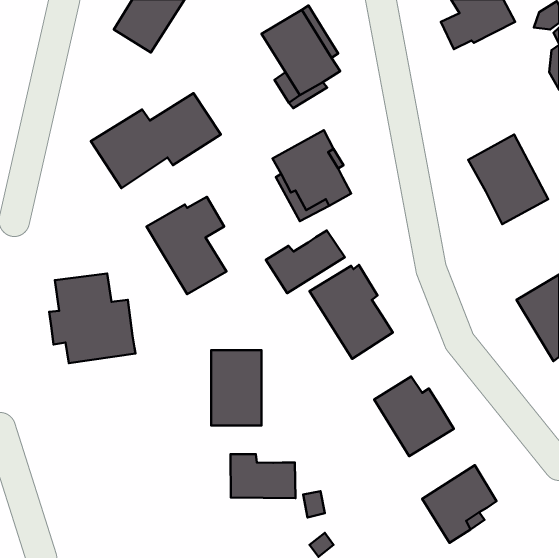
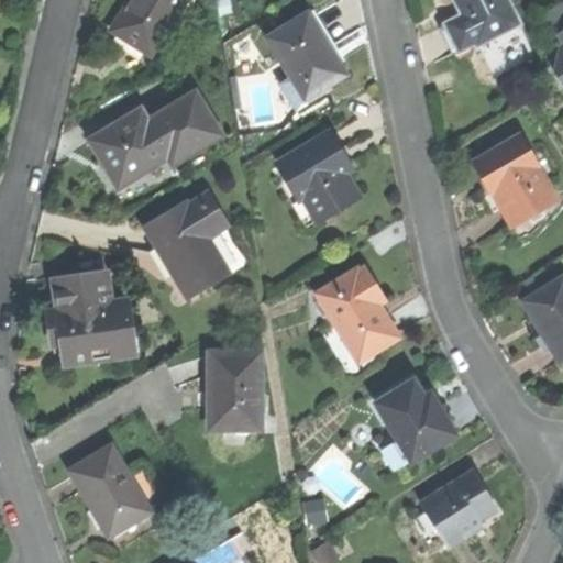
building: [266,231,345,293] -> none
building: none -> [70,445,153,537]
building: [231,454,296,498] -> none

